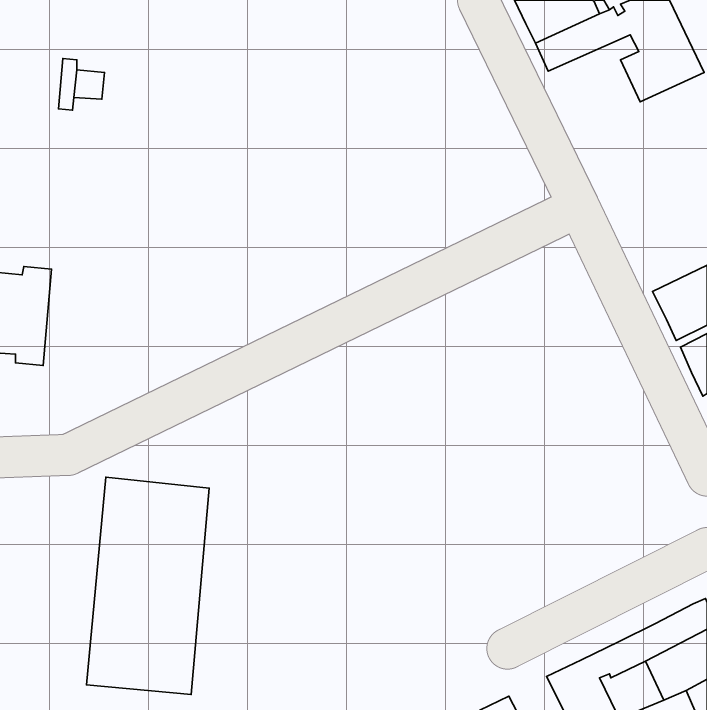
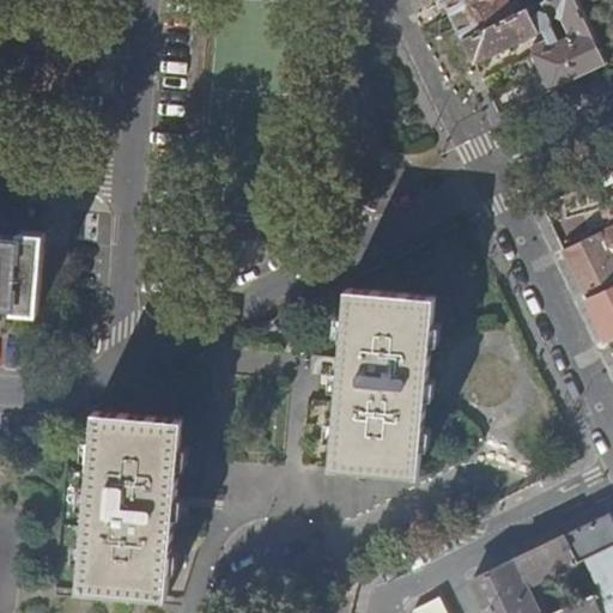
building: none -> [328,287,433,473]

